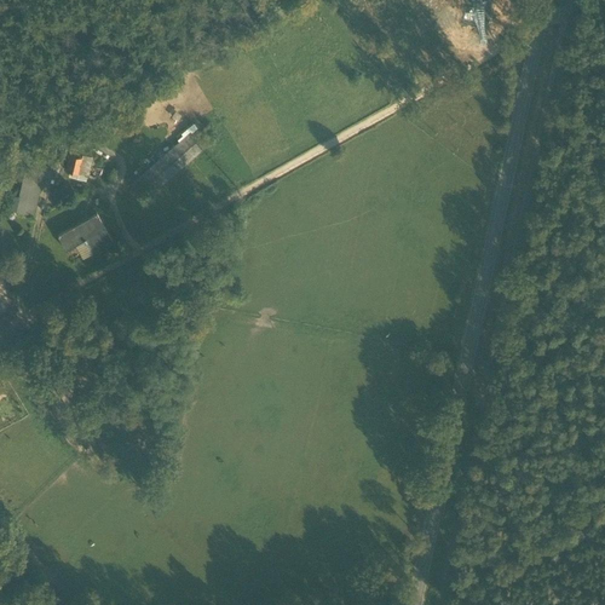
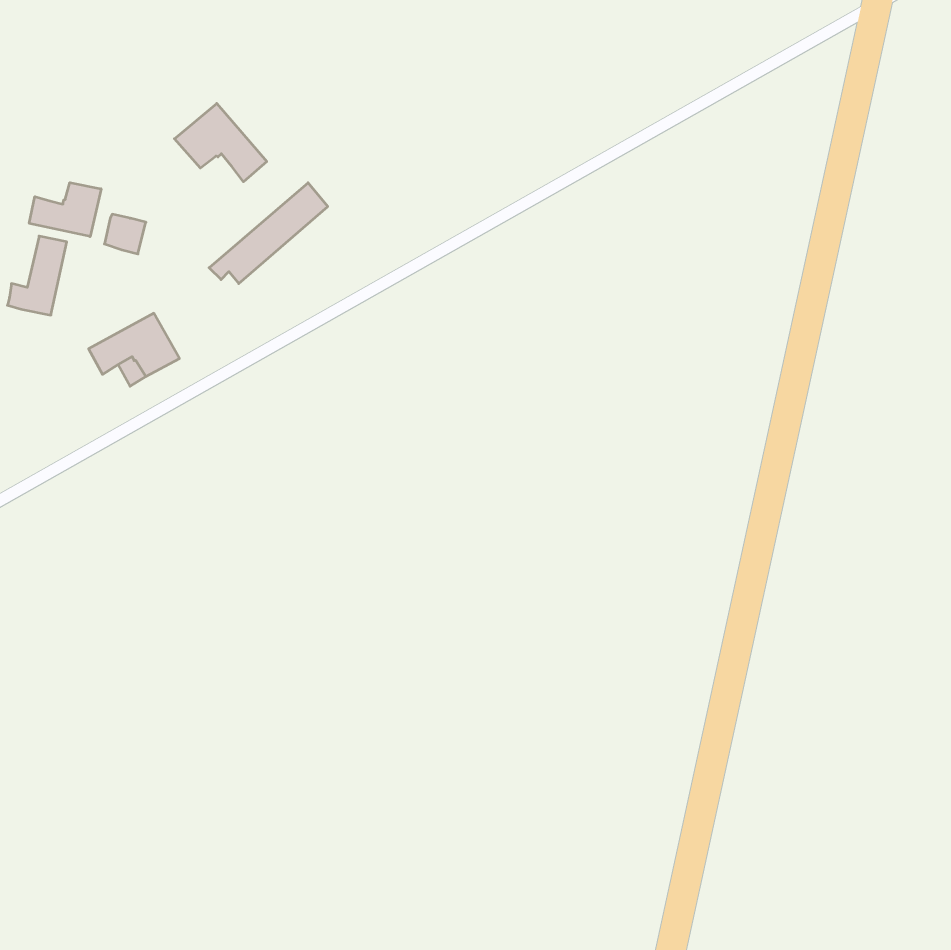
building: none -> [174,103,267,182]
building: none -> [29,183,101,237]

